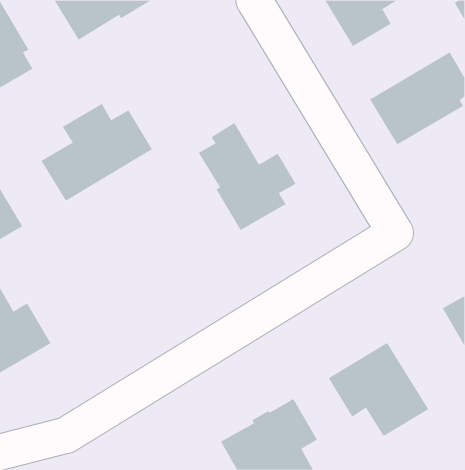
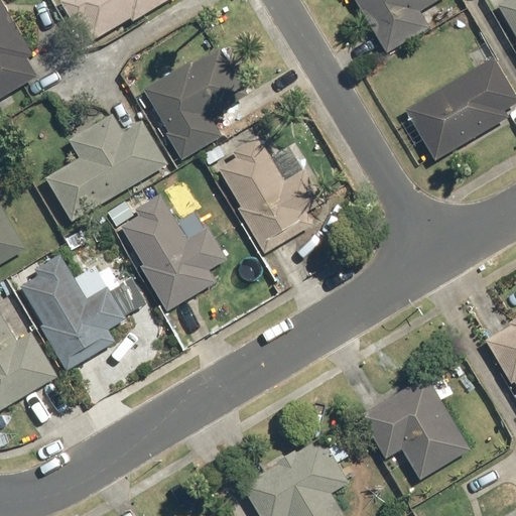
building: none -> [143,44,248,159]
building: none -> [119,194,227,311]
building: none -> [20,253,144,370]

